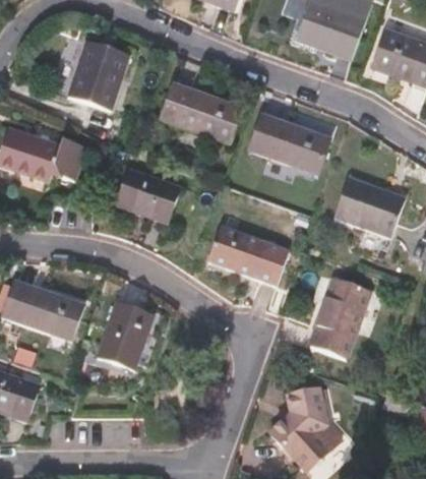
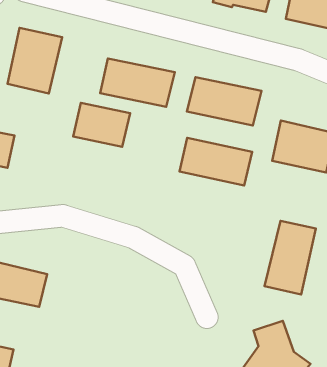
building: [118,171,182,224] -> [73,103,130,147]
building: [210,228,291,287] -> [179,138,252,185]
building: [95,306,148,373] -> none

